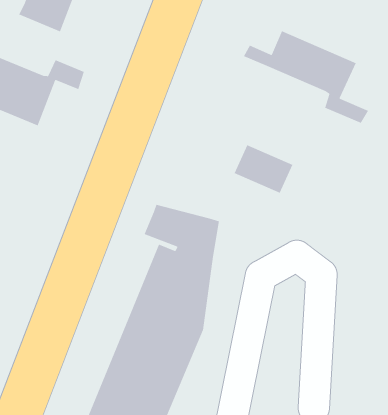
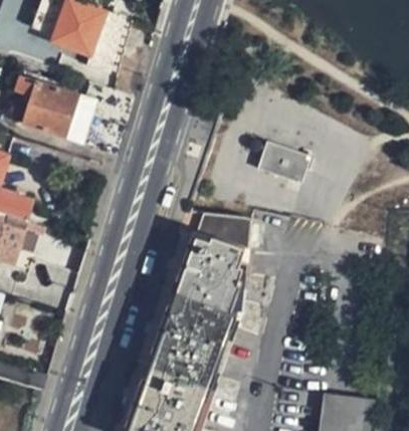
building: [243,30,369,124] -> none

